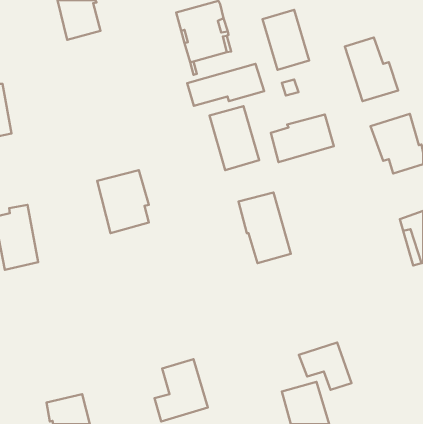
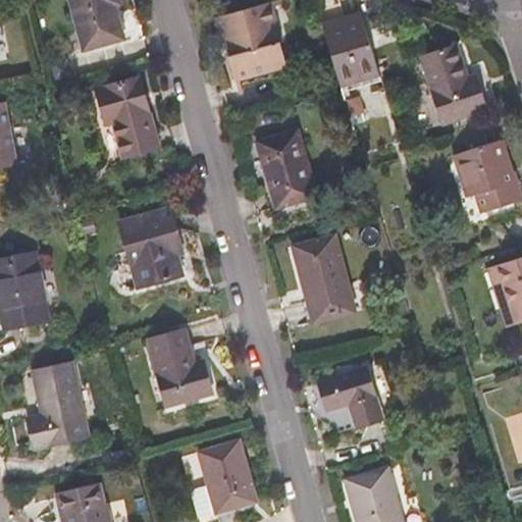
building: none -> [97,75,157,156]
building: [187,64,264,106] -> none
building: [271,114,334,162] -> none
building: none -> [149,331,211,406]
building: none -> [28,363,89,450]
building: [299,342,351,390] -> [318,369,382,427]

